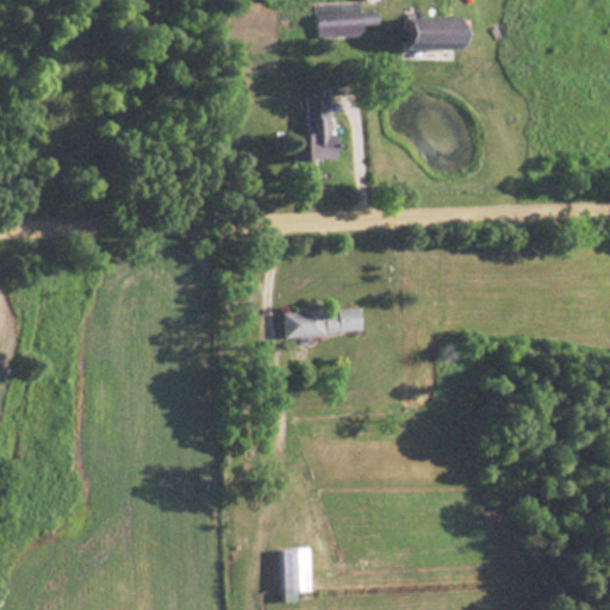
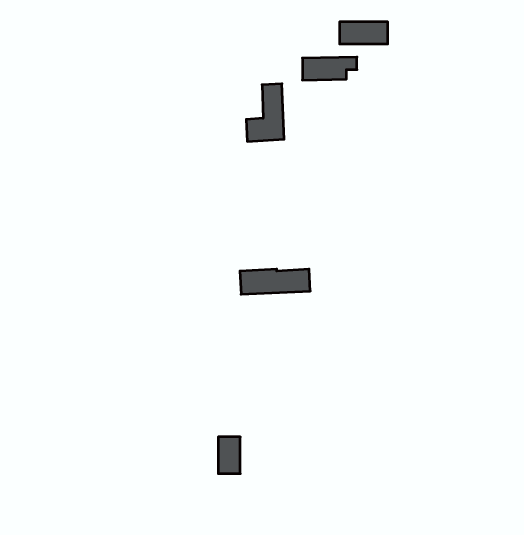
building: [320,12,382,38] -> [302,57,357,80]
building: [285,549,310,591] -> [218,437,240,474]

